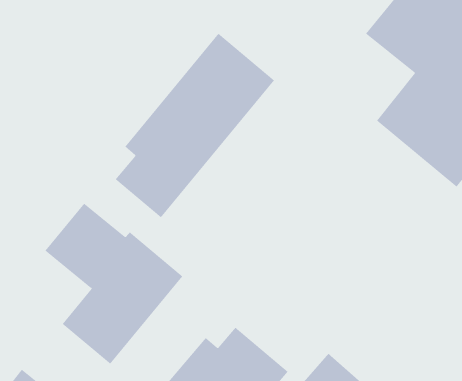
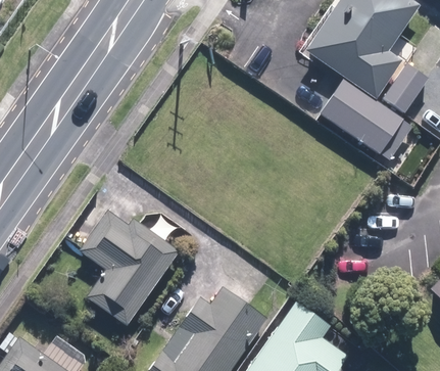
building: [115,33,275,218] -> none

